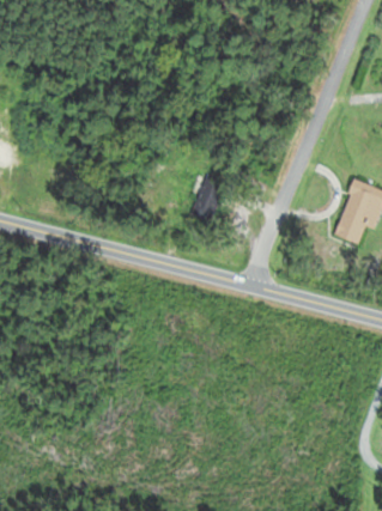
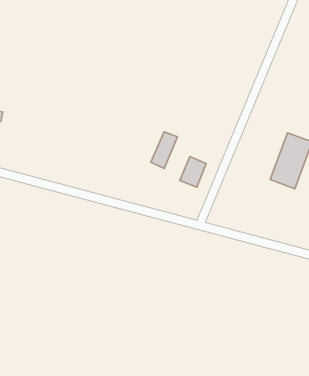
building: none -> [180,156,206,187]

